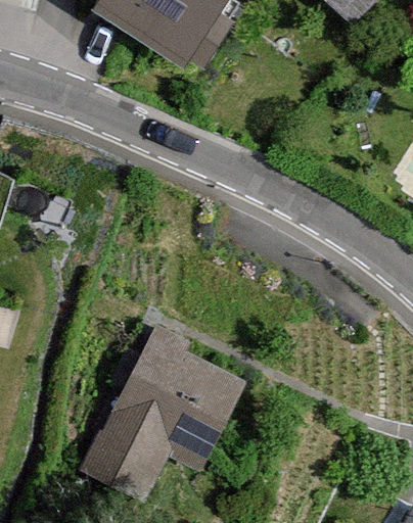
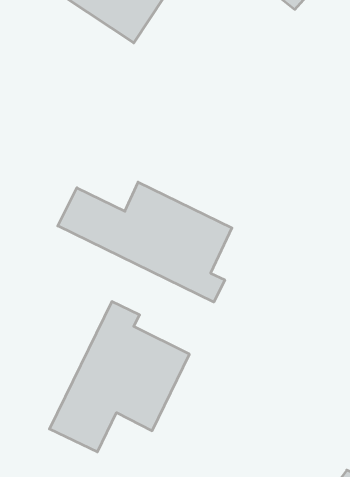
building: none -> [58,182,232,302]

